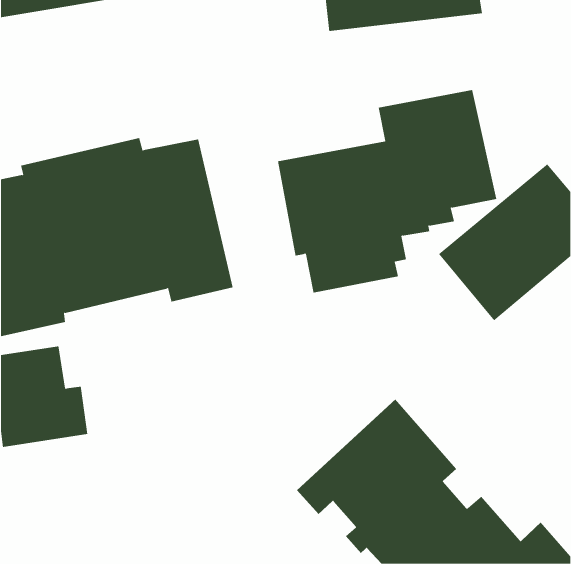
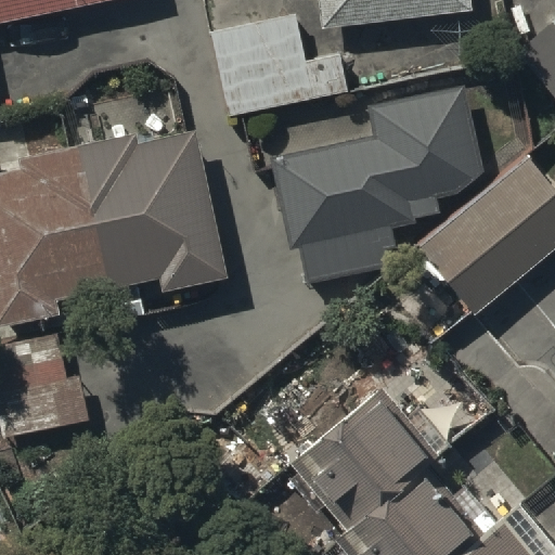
building: none -> [209,12,348,115]

